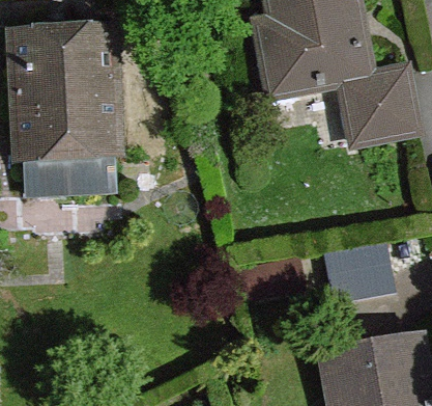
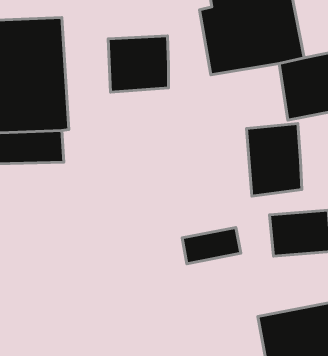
building: none -> [108,36,168,92]
building: none -> [246,124,302,196]

